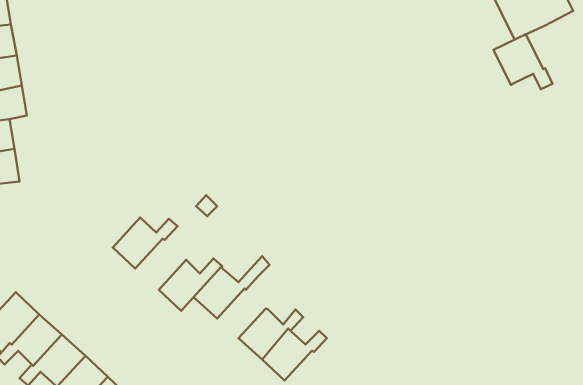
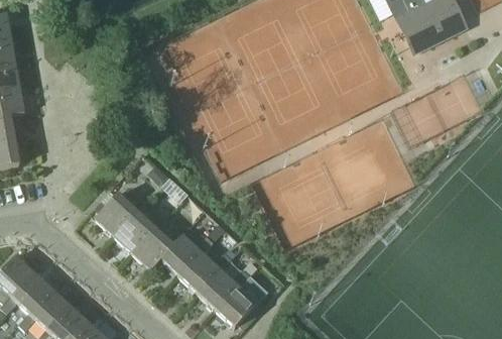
building: [493,34,553,89] -> none
building: none -> [112,211,165,252]
building: none -> [178,247,235,292]

